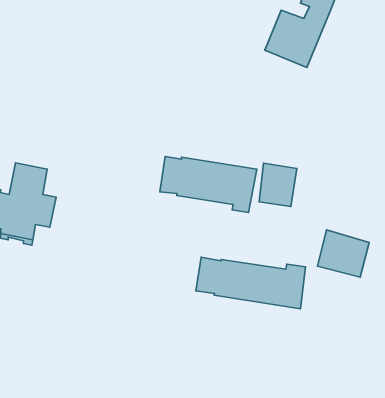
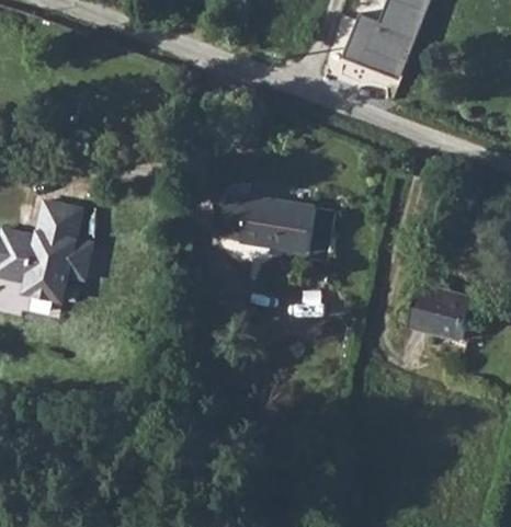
building: [259,163,297,206] -> none
building: [196,257,305,309] -> none

